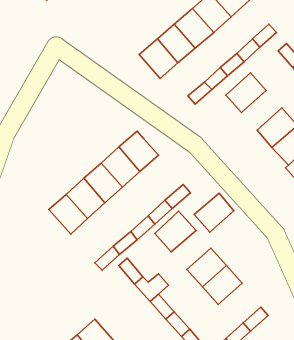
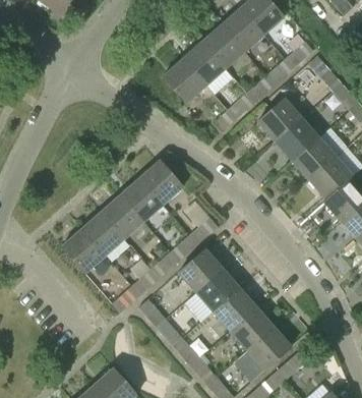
building: none -> [275,115,319,159]
building: [194,193,234,232] -> [197,270,241,312]
building: none -> [239,328,293,378]

